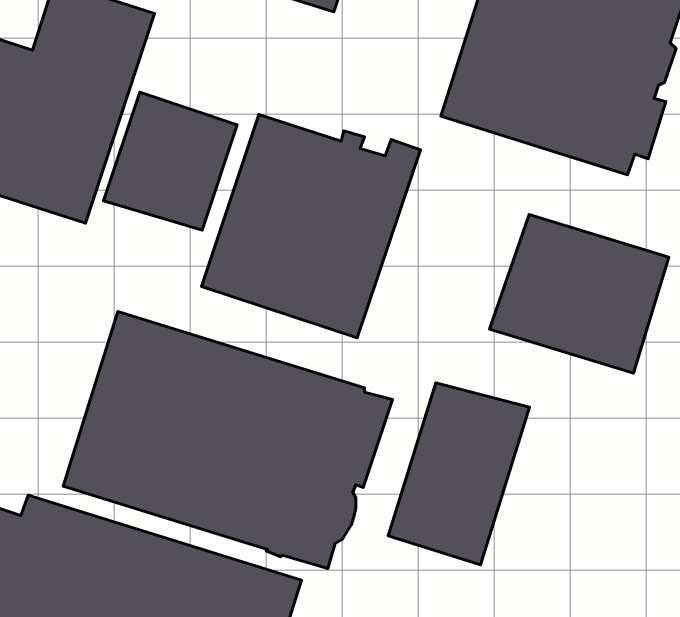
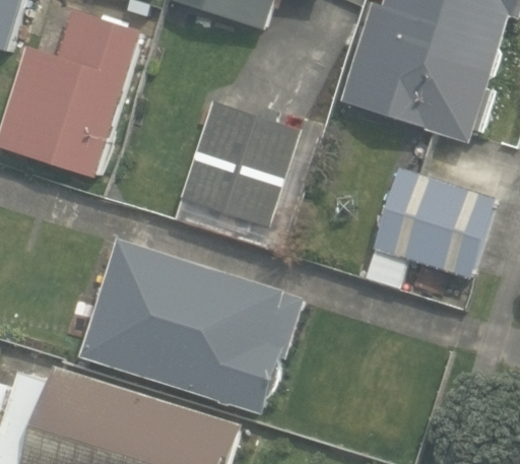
building: [104,92,237,230] -> none
building: [388,383,530,565] -> none

